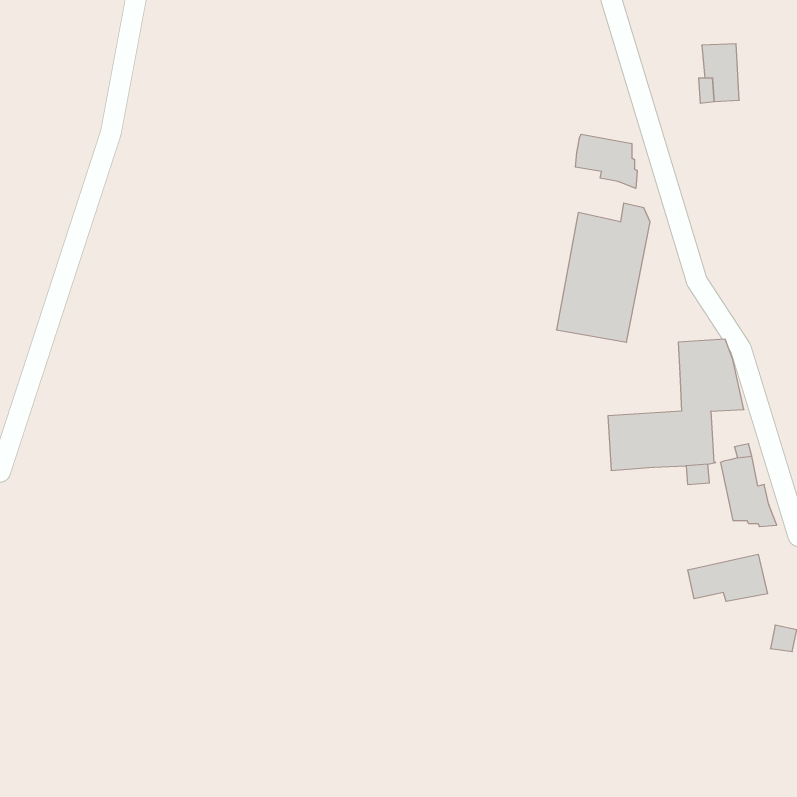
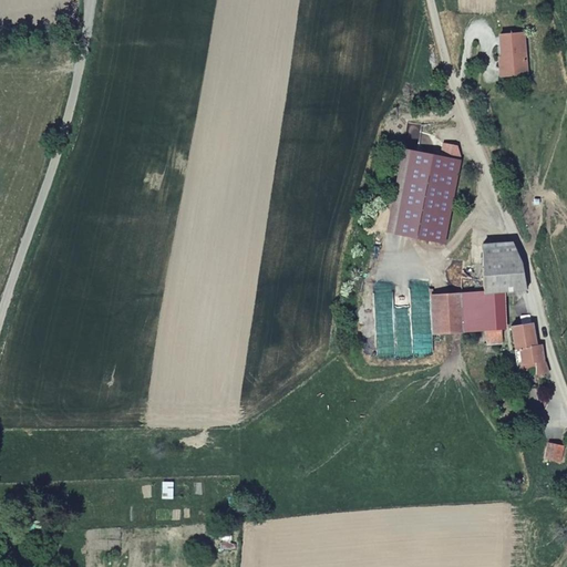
building: [575,134,637,188] -> none
building: [688,554,768,601] -> none

